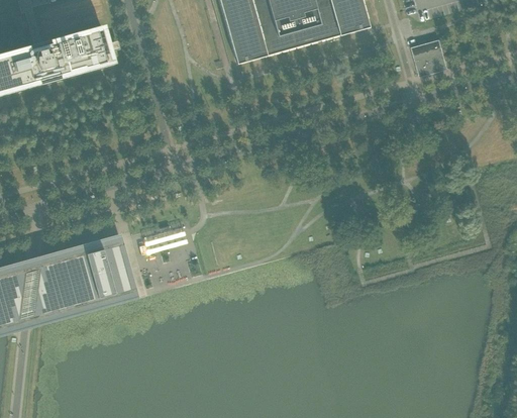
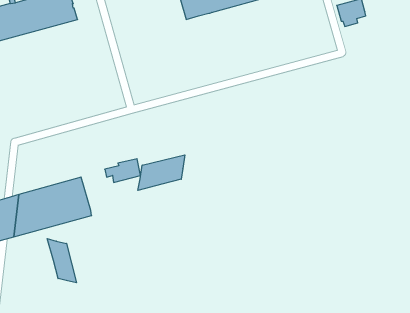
building: none -> [138,155,185,190]
building: none -> [47,239,77,283]

